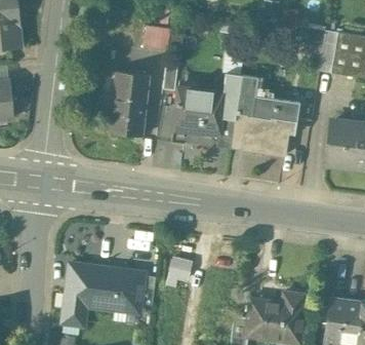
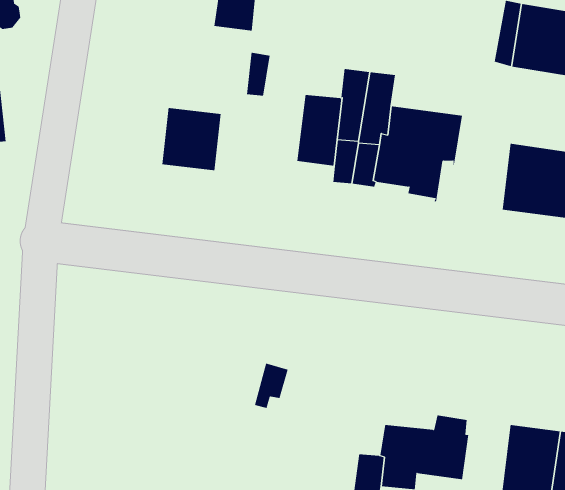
building: [115,73,152,102] -> none
building: [174,86,201,131] -> none
building: [58,259,147,329] -> none

